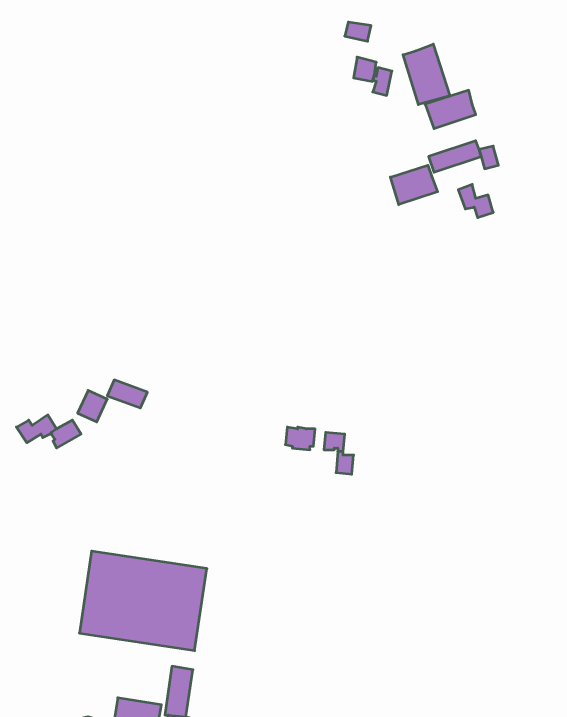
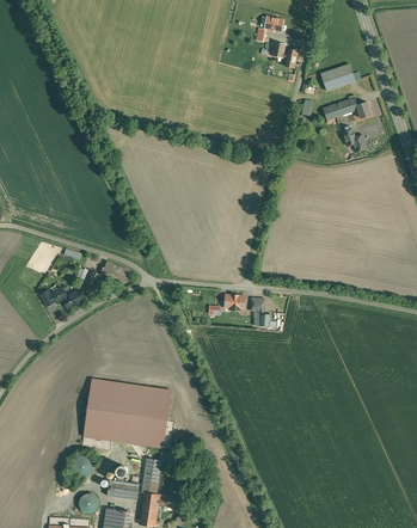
building: [403,44,450,105] -> none
building: [390,165,438,205] -> none

